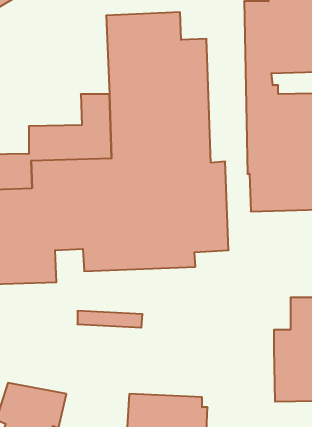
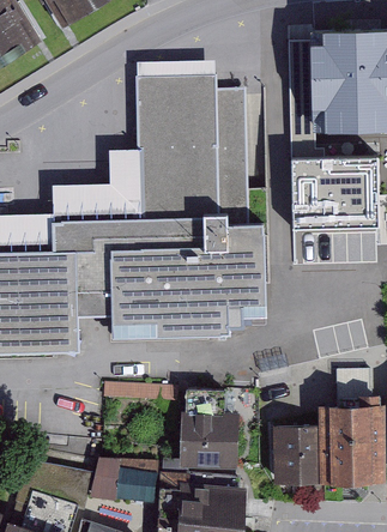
building: none -> [179,389,240,470]
building: none -> [272,425,319,484]
building: none -> [90,458,158,503]

